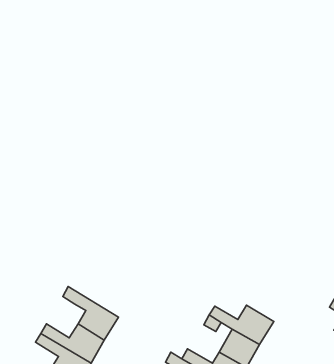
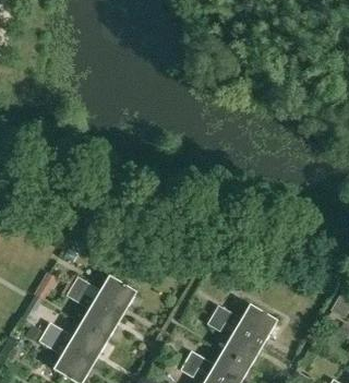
building: none -> [71,277,135,318]

